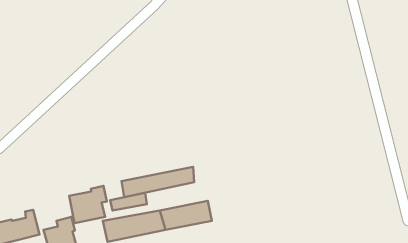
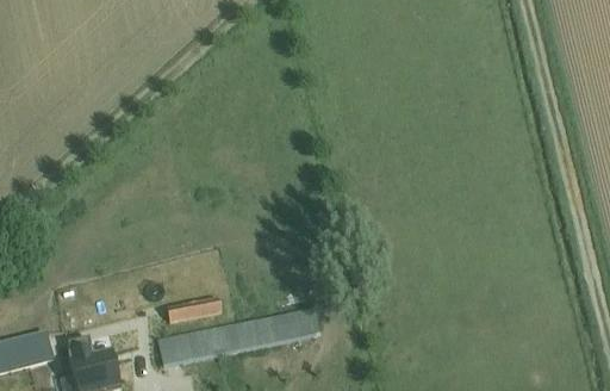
building: [122,167,194,197] -> none
building: [69,186,107,223] -> none

